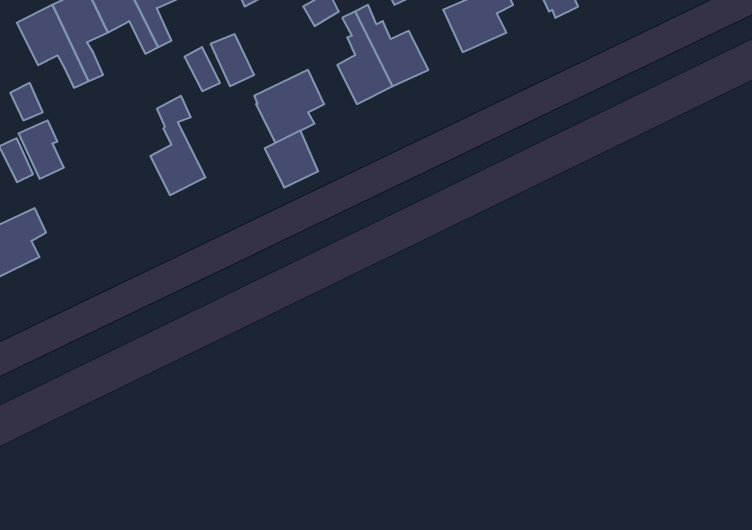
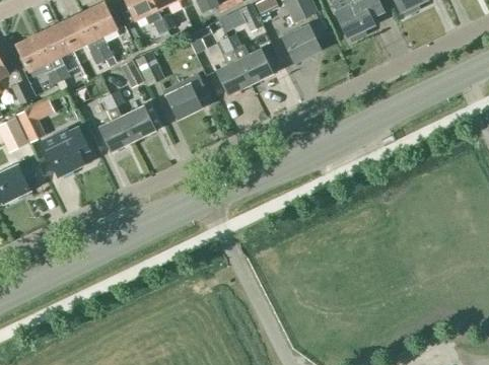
building: [265,131,318,188] -> [121,105,154,141]
building: none -> [45,126,89,177]

